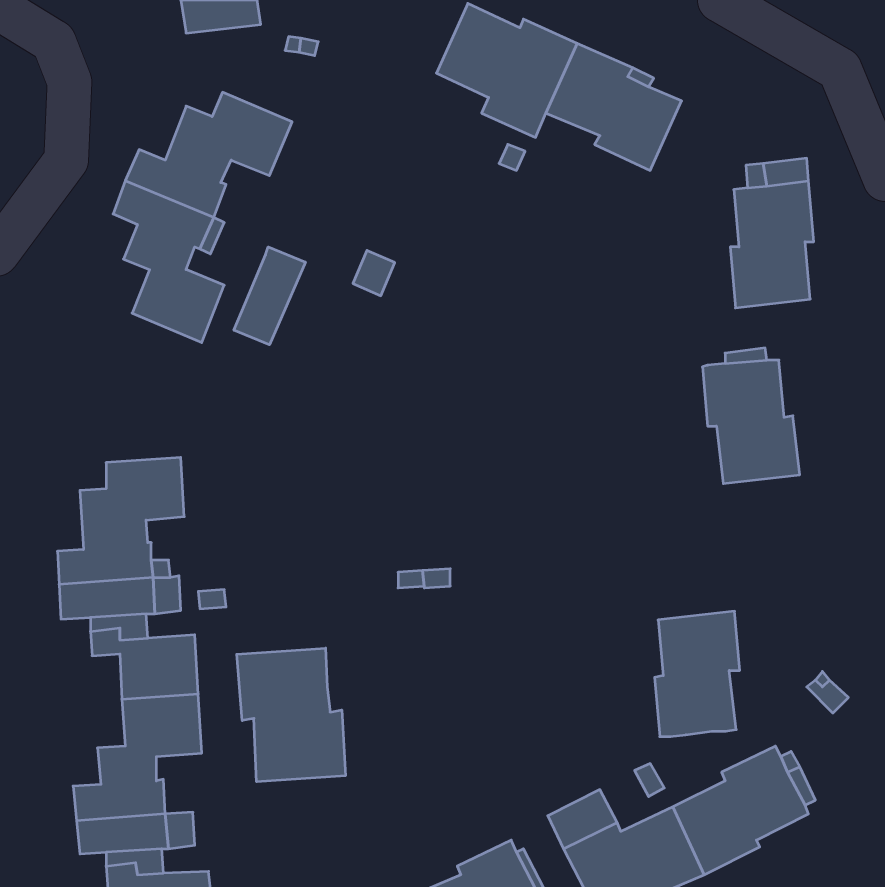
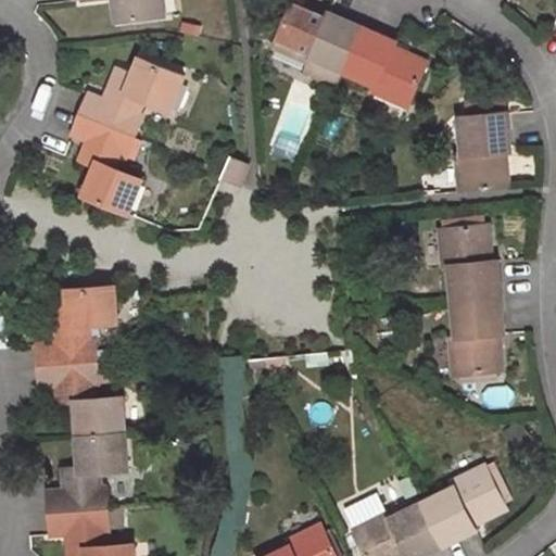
building: [234,247,305,345] -> none
building: [655,611,740,737] -> [450,298,503,376]
building: [237,648,345,782] -> none

